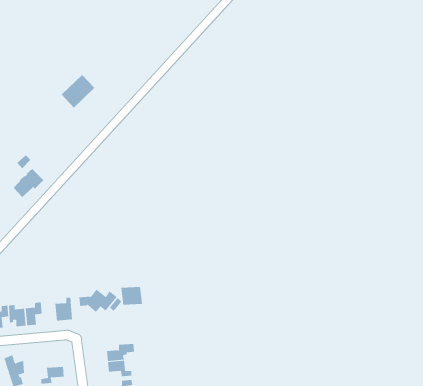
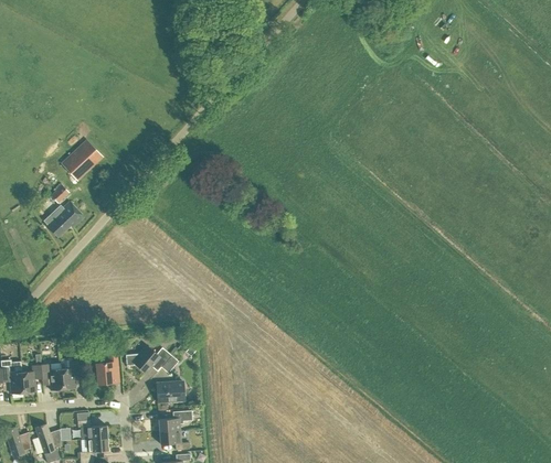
building: [61,74,95,108] -> [61,139,102,180]
building: [121,287,143,305] -> [157,380,183,402]
building: none -> [77,419,107,439]

